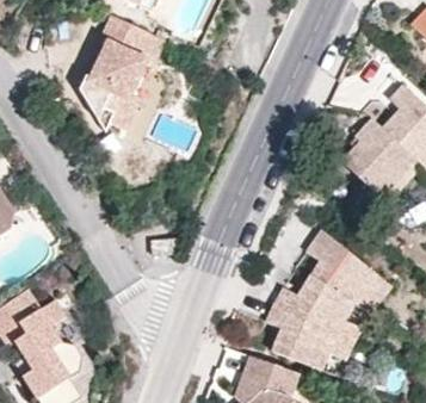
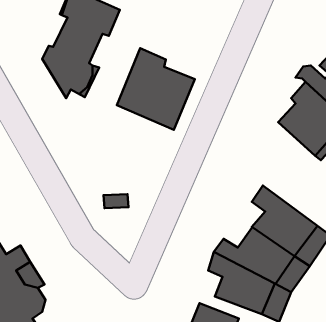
building: none -> [117,48,195,130]

